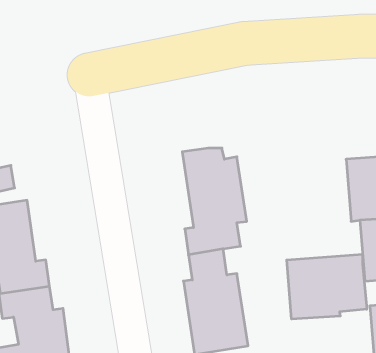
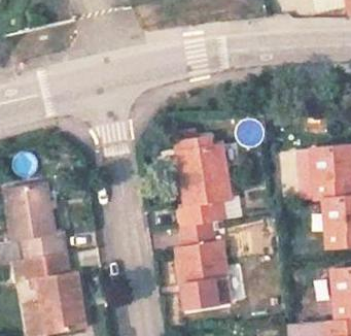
building: [287,254,367,319] -> none

